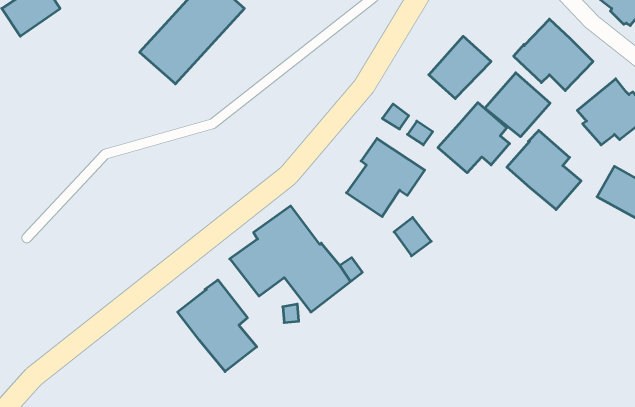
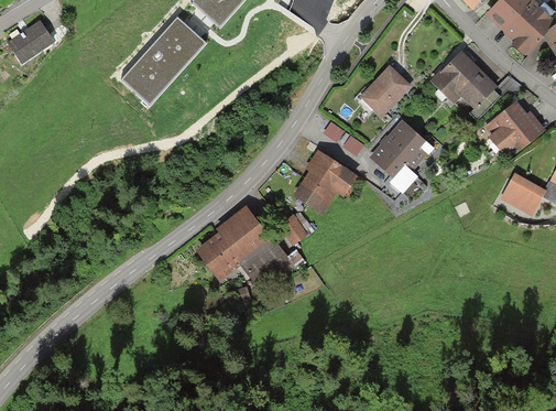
building: [485,73,550,137] -> none
building: [507,130,581,210] -> none
building: [394,217,431,256] -> [279,213,309,245]
building: [178,280,257,372] -> none

